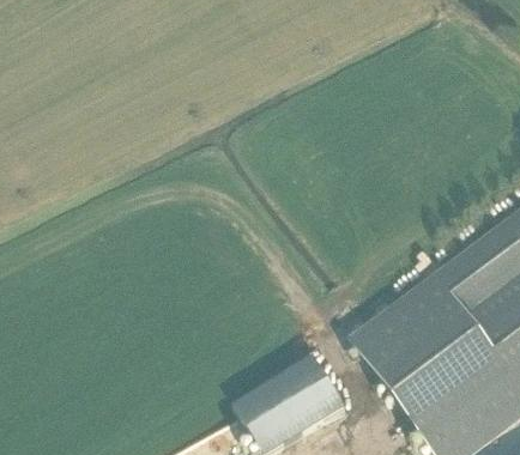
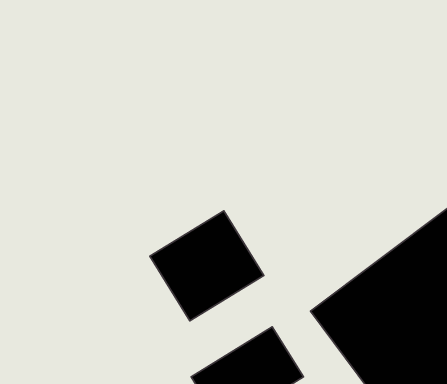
building: none -> [150,211,264,321]

